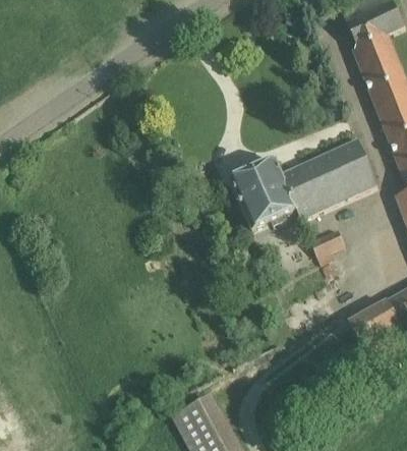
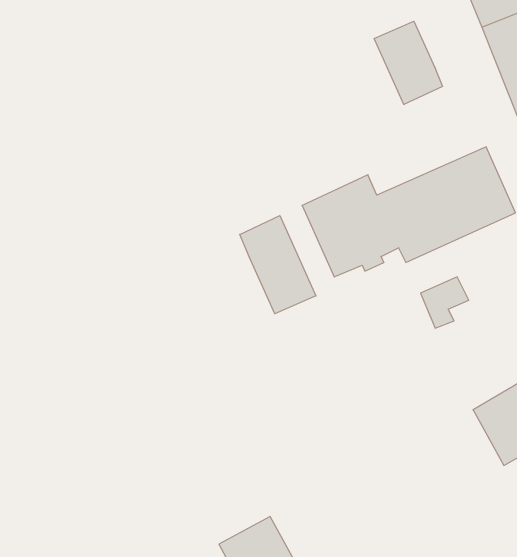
building: none -> [374,21,443,105]
building: none -> [240,216,316,314]

